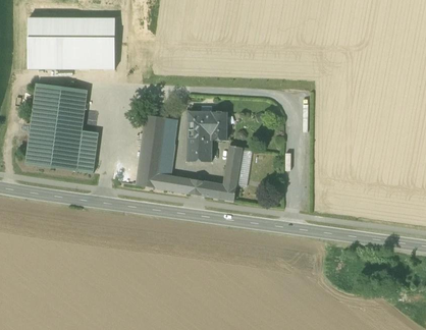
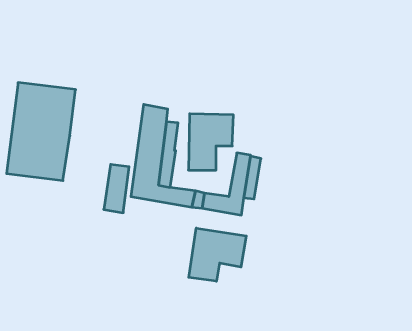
building: [28,16,114,68] -> none
building: [75,129,98,172] -> [104,164,129,213]
building: none -> [189,228,246,281]

